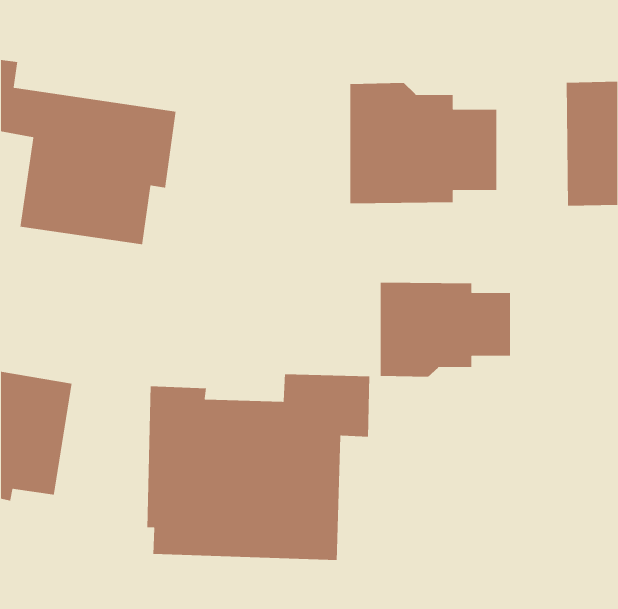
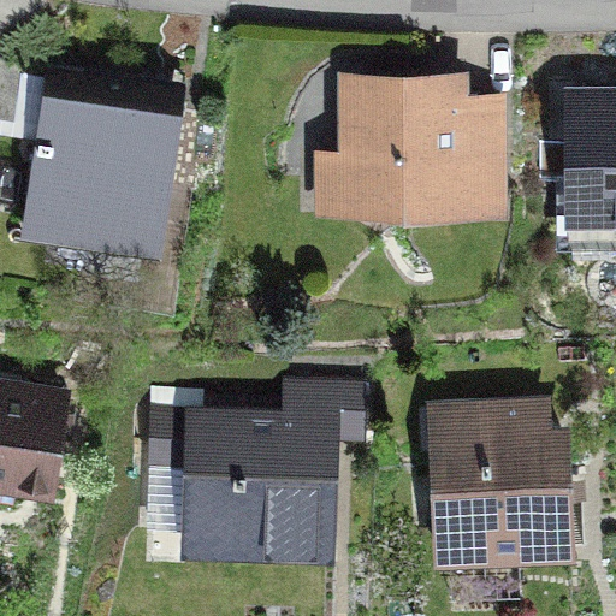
building: [380,282,511,377] -> none
building: none -> [426,396,576,568]

